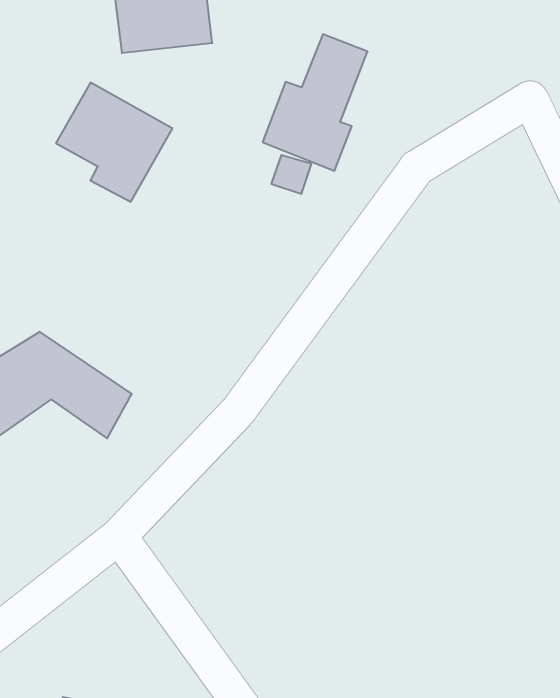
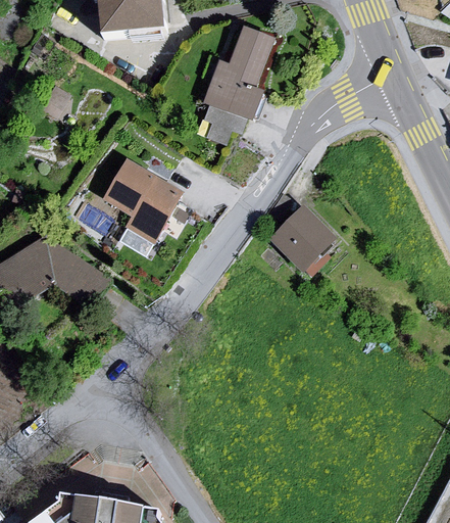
building: [56,83,172,202] -> [101,156,184,241]
building: none -> [269,204,338,273]

